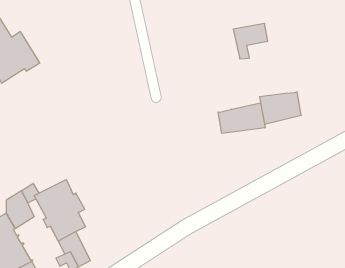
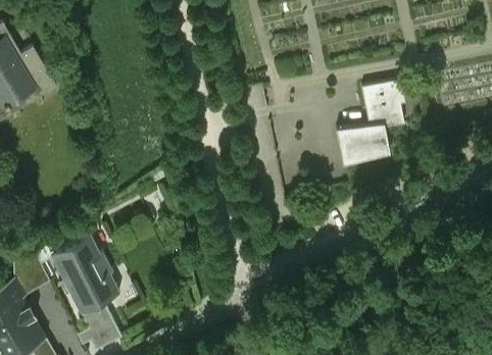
building: [233,23,268,59] -> [360,82,404,126]
building: [218,103,265,133] -> none

